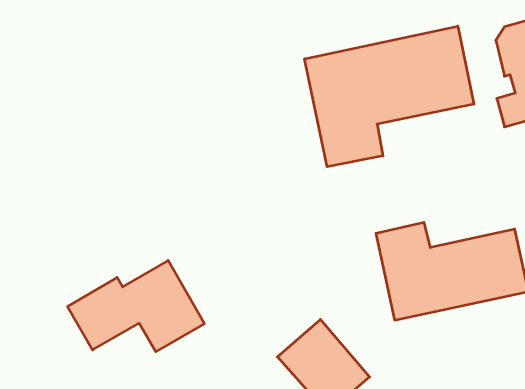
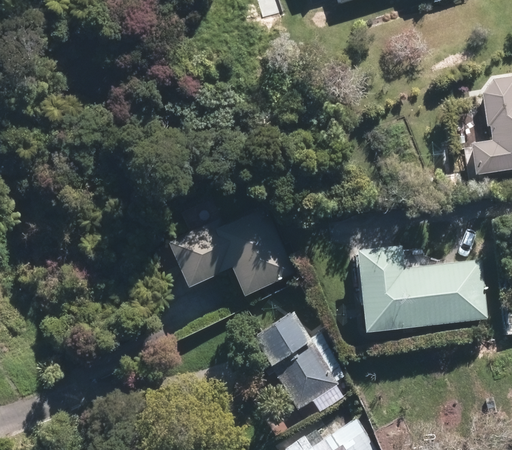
building: [305,26,474,167] -> none
building: [68,260,204,352] -> [174,213,294,293]

